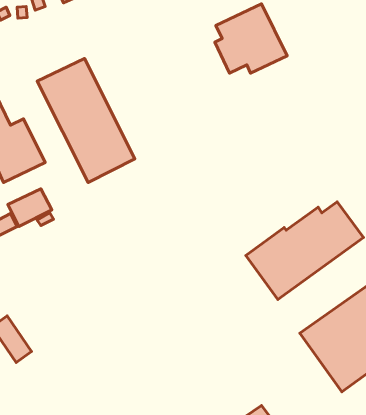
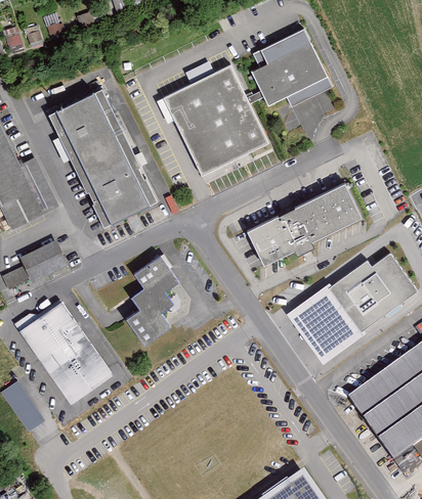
building: none -> [164,63,270,176]
building: none -> [250,183,365,266]
building: none -> [128,255,178,346]
building: none -> [13,302,113,404]

